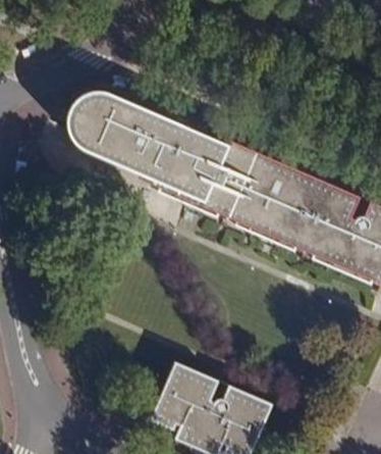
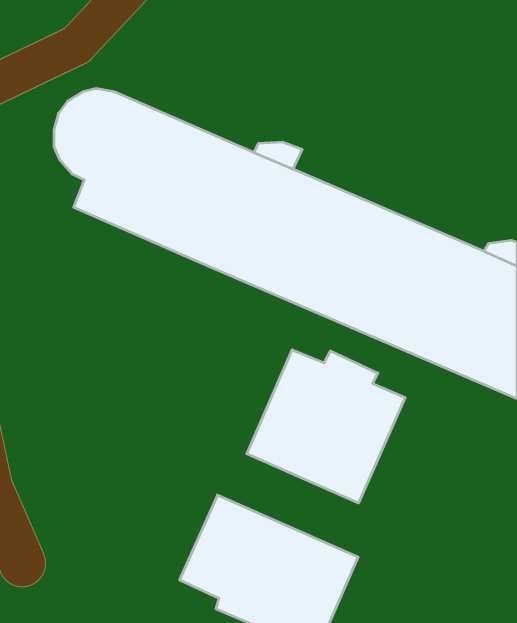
building: none -> [247,350,405,503]

